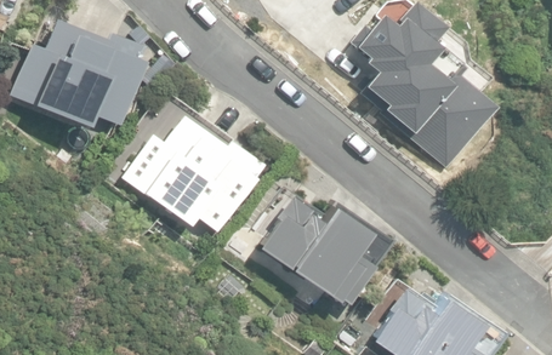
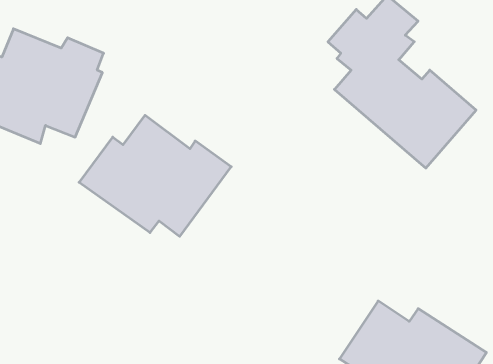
building: [256,189,392,305] -> none

